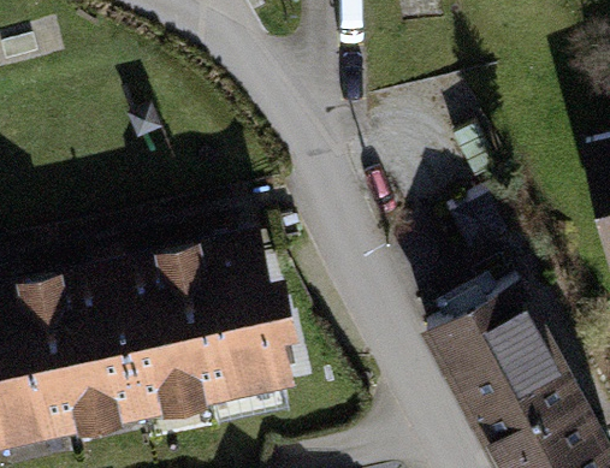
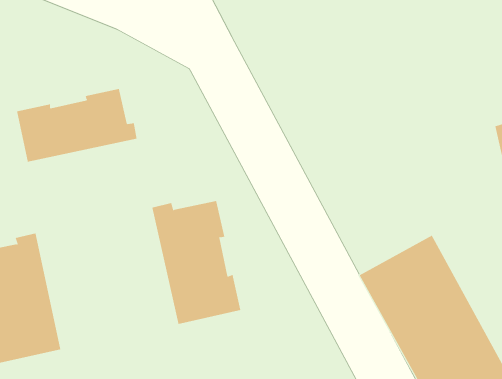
building: none -> [16,88,137,163]
building: [48,256,218,432] -> none

